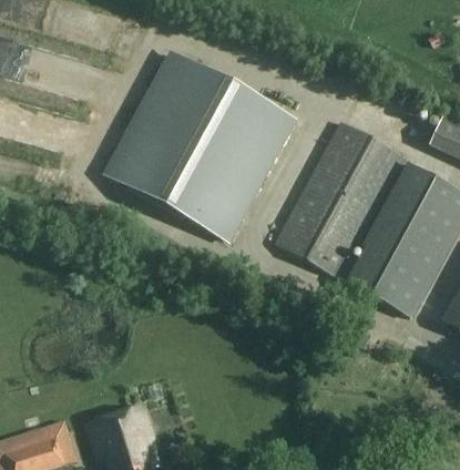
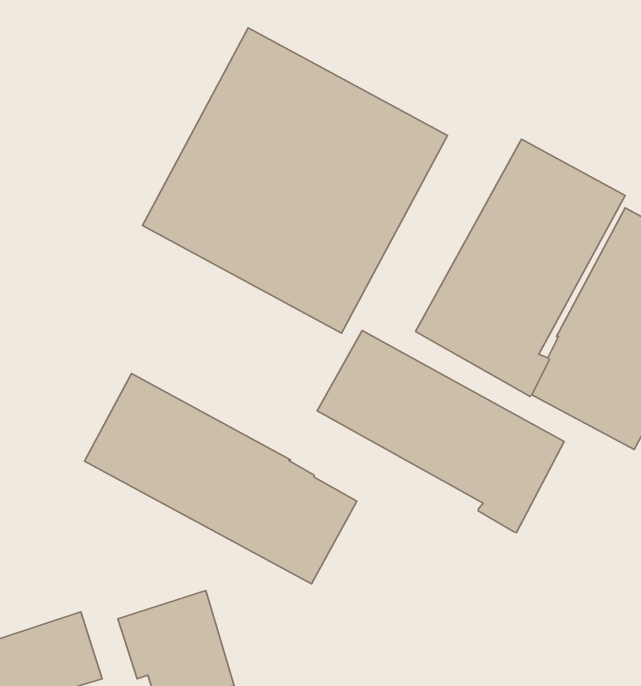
building: none -> [317,330,564,533]
building: none -> [85,374,357,584]

